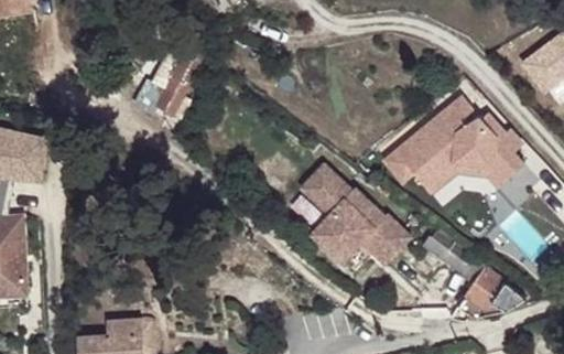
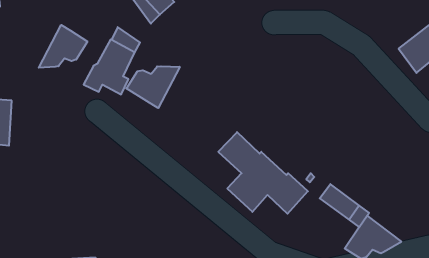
building: none -> [39,25,87,68]
building: none -> [126,66,180,108]
building: [386,98,524,186] -> none

